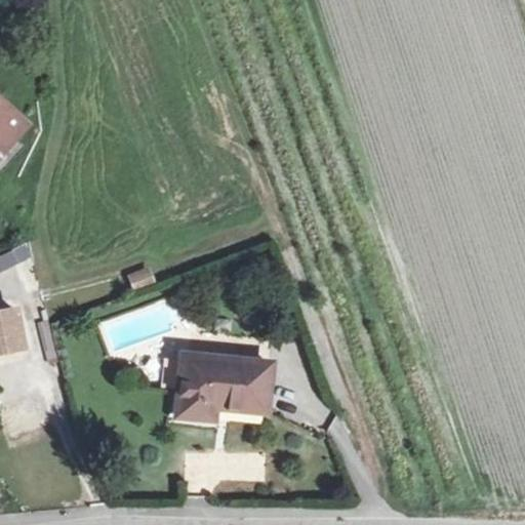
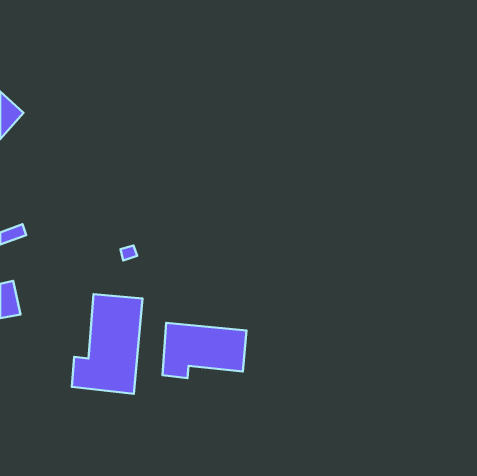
building: none -> [72,294,142,394]

